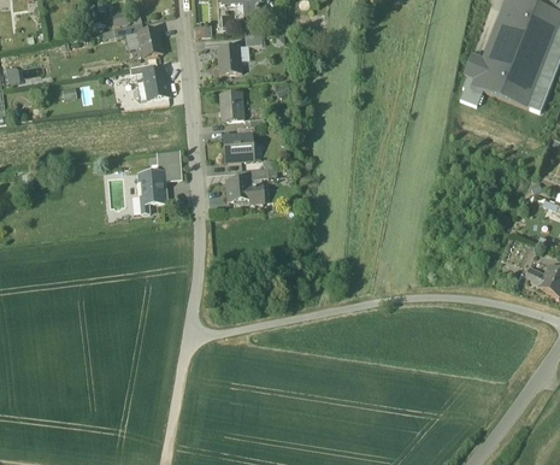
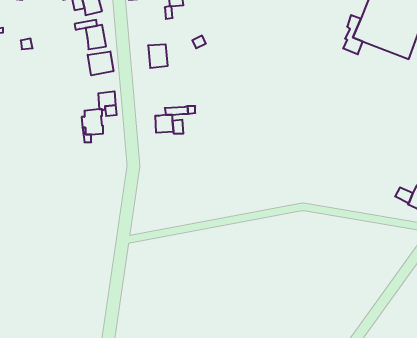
building: [217,45,240,73] -> none
building: none -> [88,51,113,75]
building: [224,133,253,160] -> none

